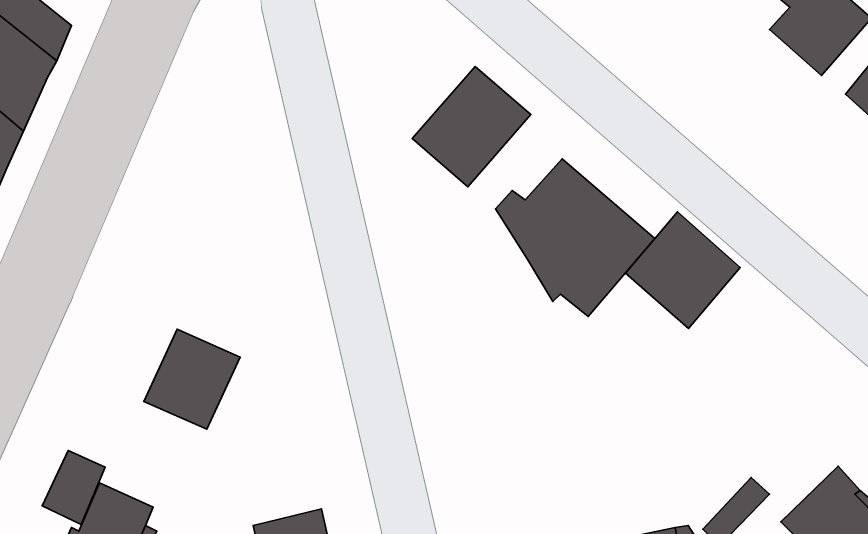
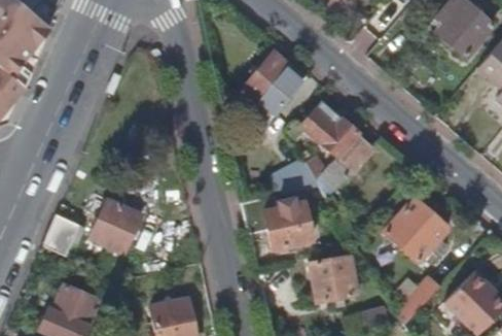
building: [626,212,740,329] -> [384,198,447,263]
building: none -> [270,158,319,194]
building: none -> [259,195,311,247]
building: none -> [309,255,356,302]
building: [42,450,105,525] -> [44,213,79,255]

